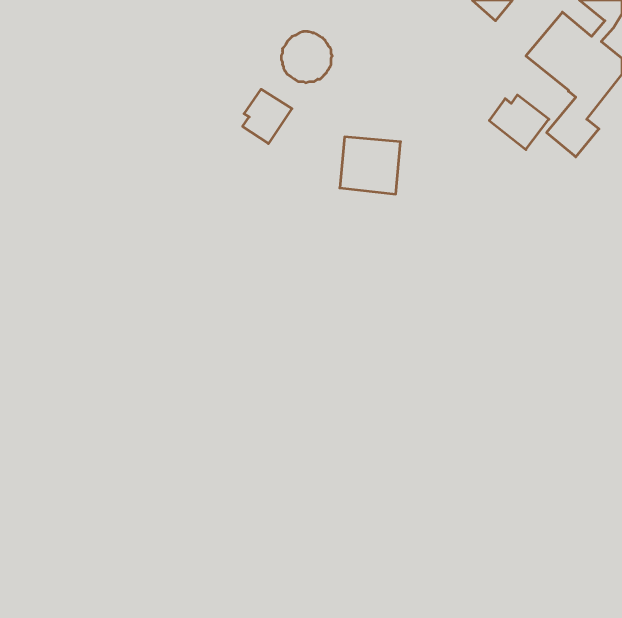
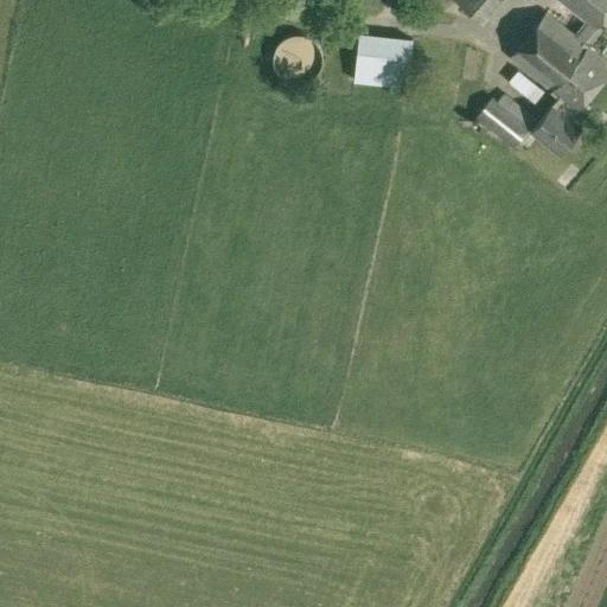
building: [243,89,292,144] -> none
building: [340,137,401,194] -> [352,33,411,89]

